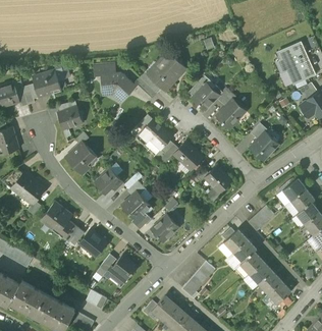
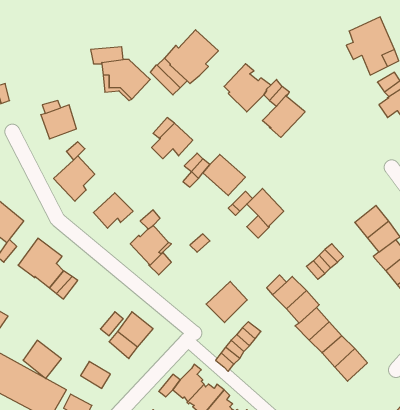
building: [32,69,60,95] -> none
building: [249,130,277,160] -> none
building: [149,213,178,242] -> [206,281,247,323]
building: [78,229,106,257] -> [23,340,61,379]

